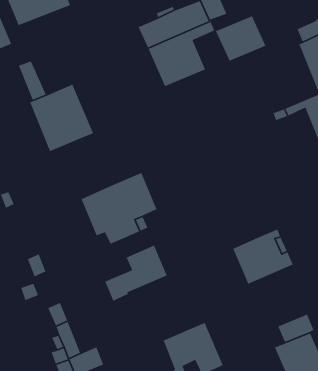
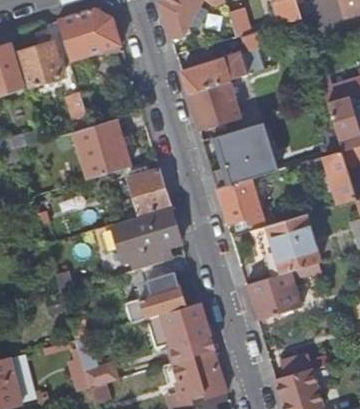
building: [215,15,267,62] -> [216,126,262,167]
building: none -> [127,168,170,216]
building: none -> [216,179,263,226]
building: none -> [251,214,320,277]
building: none -> [146,301,214,362]

